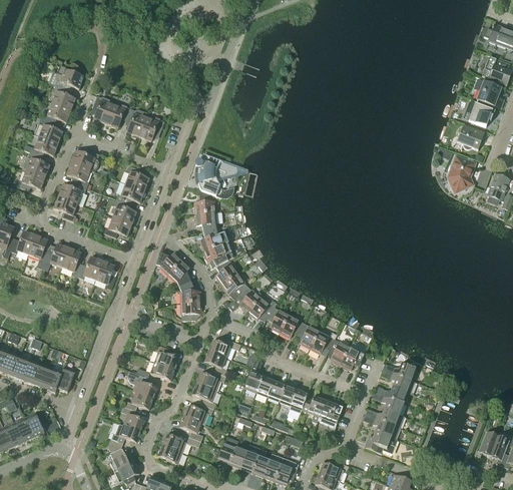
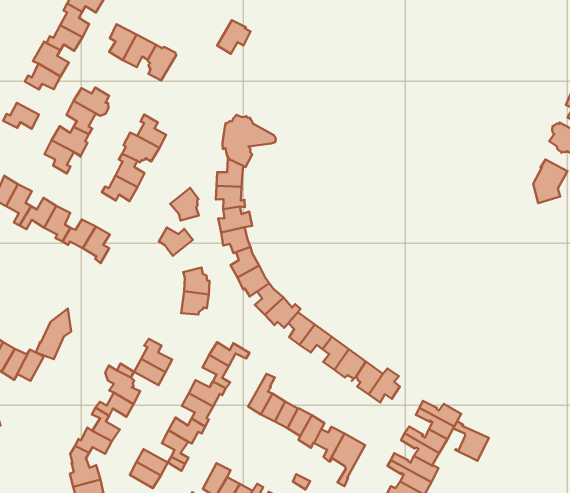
building: [138,114,163,141] -> [217,20,250,54]
building: [21,152,49,177] -> none
building: [167,261,191,288] -> [170,188,199,220]
building: none -> [36,309,71,359]
building: none -> [453,421,489,461]

